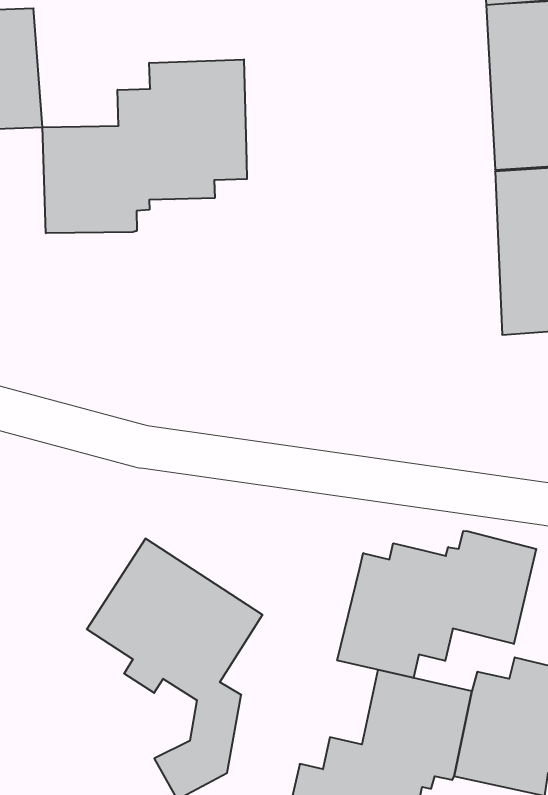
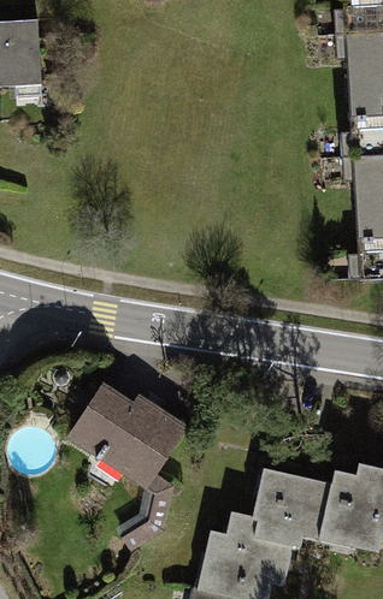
building: [42,59,247,233] -> none
building: [337,531,536,678] -> none

